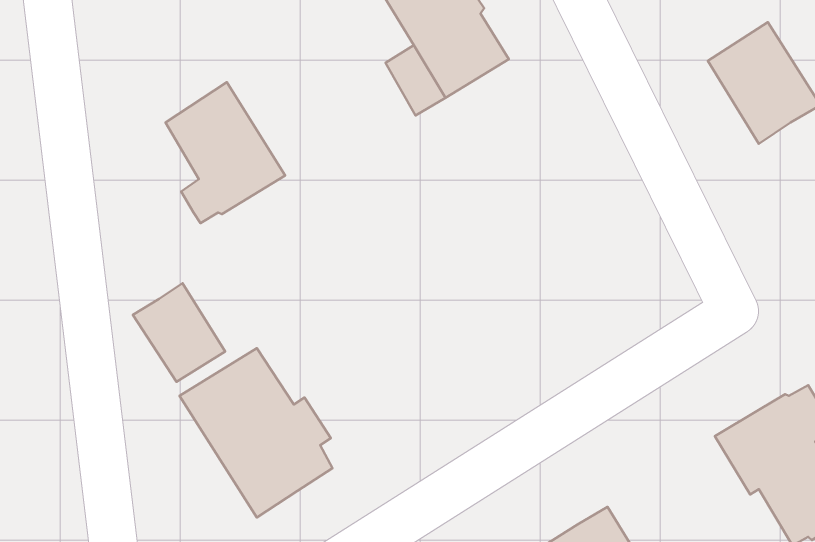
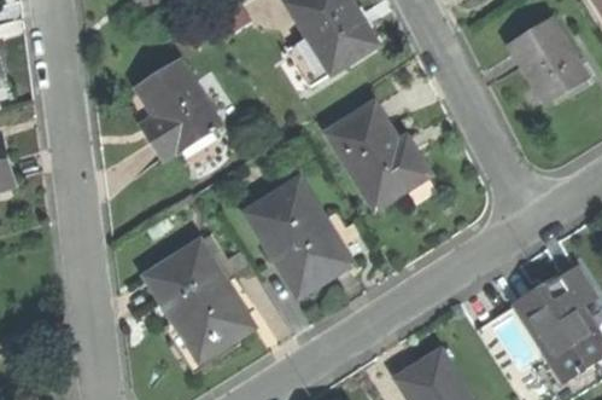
building: none -> [327,103,429,207]
building: none -> [246,180,369,297]
building: [133,283,225,382] -> none

